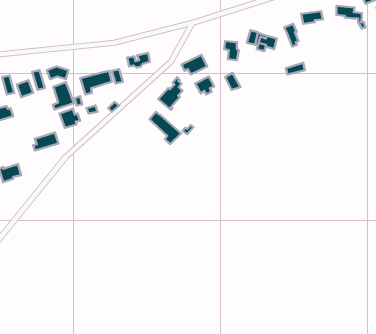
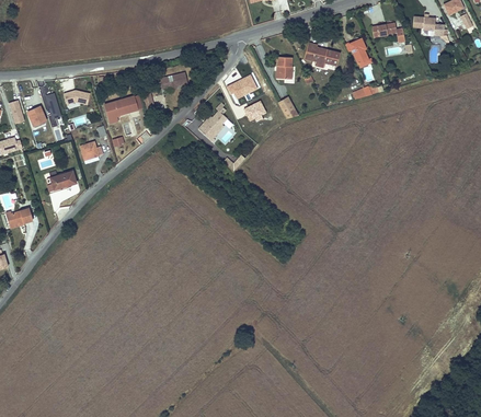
building: [53,82,74,109] -> none
building: [149,112,181,144] -> none

